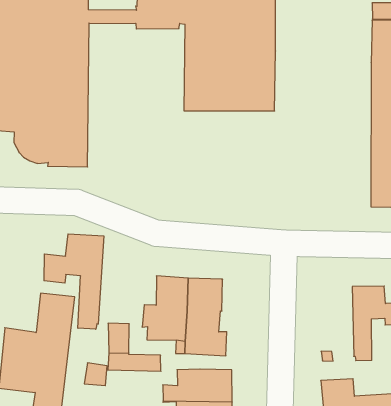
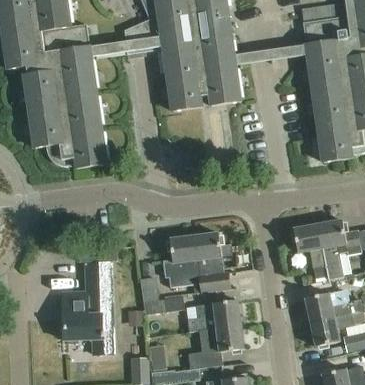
building: [44,234,104,329] -> none
building: none -> [294,223,327,277]

